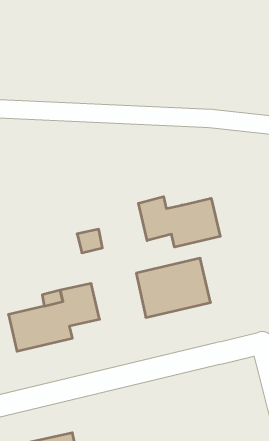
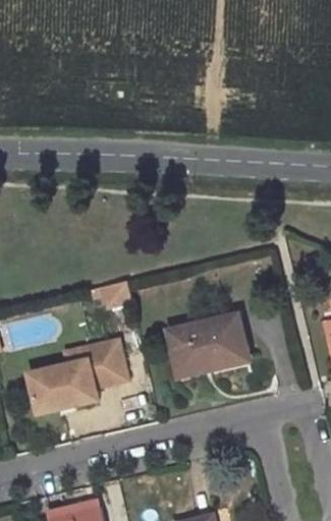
building: [138,197,220,247] -> none

